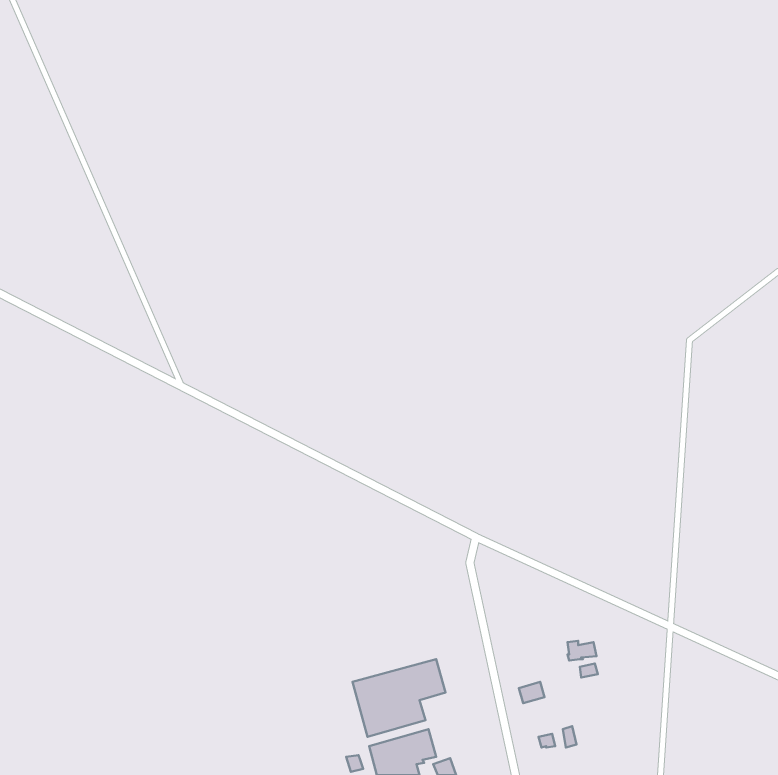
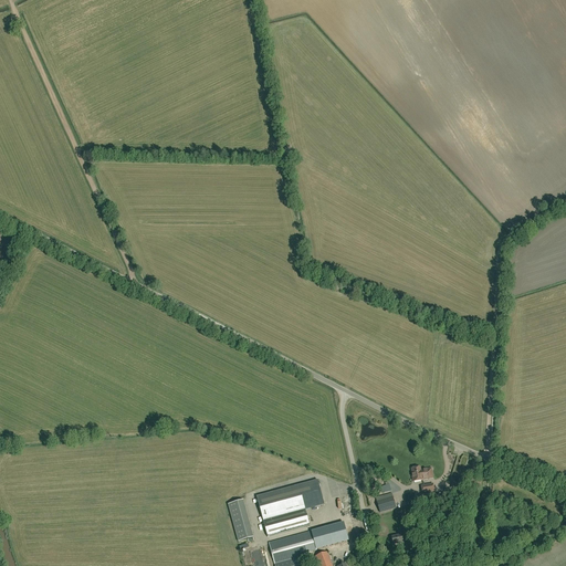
building: none -> [228,497,253,539]
building: none -> [321,520,347,544]

